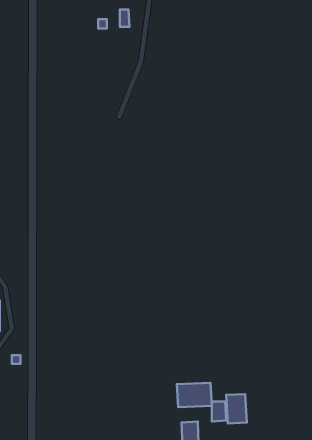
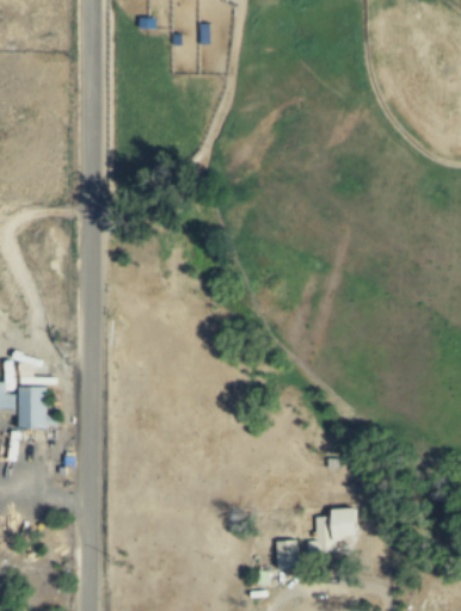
building: [177,383,212,407] -> none

